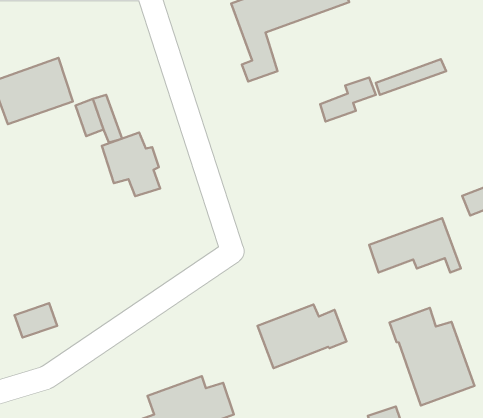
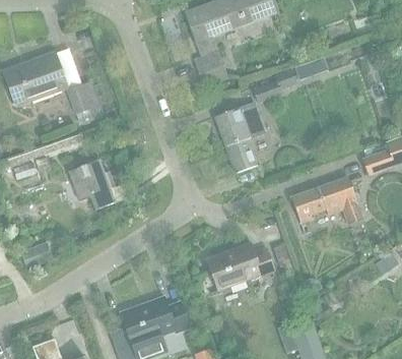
building: none -> [215,102,265,173]
building: [102,133,160,196] -> [70,160,115,208]
building: [390,308,475,405] -> none

